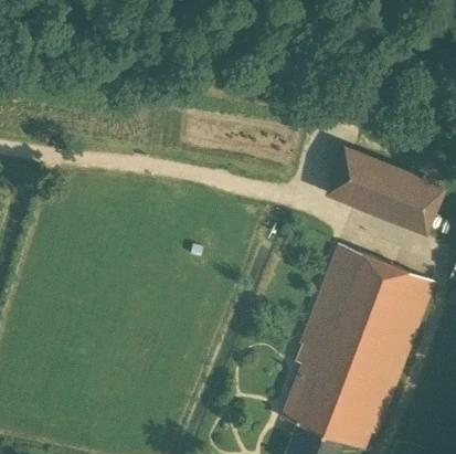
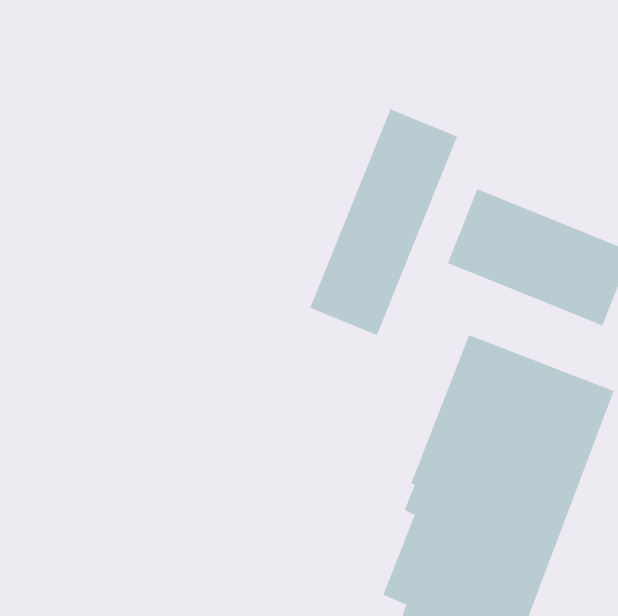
building: none -> [310,108,458,336]

